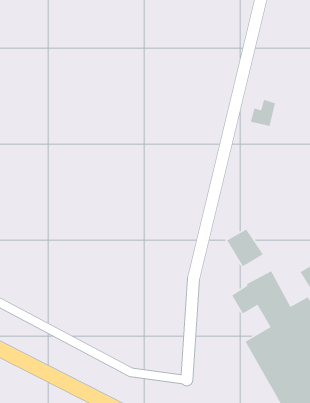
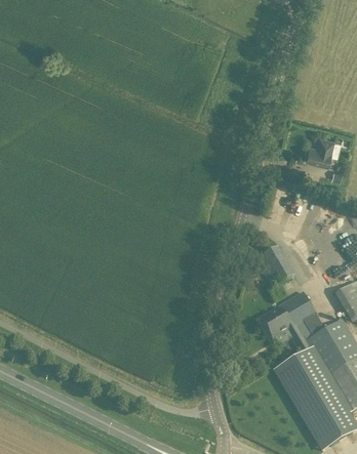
building: [250,99,276,127] -> [306,135,333,165]

